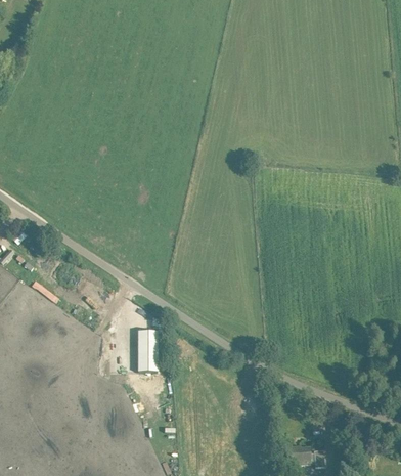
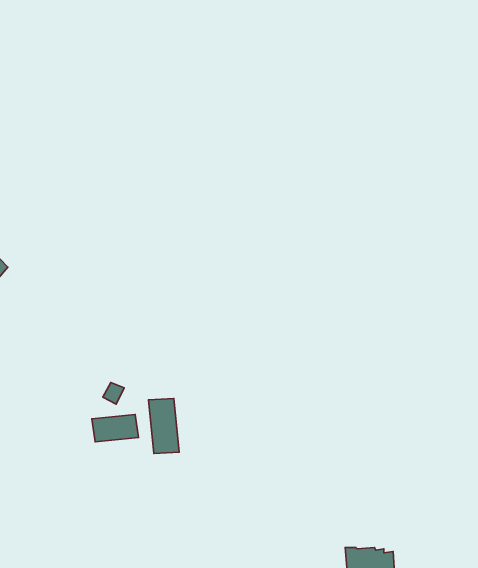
building: none -> [92,414,138,442]

